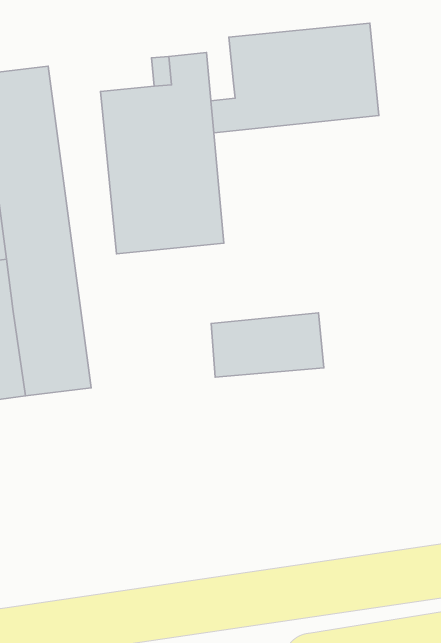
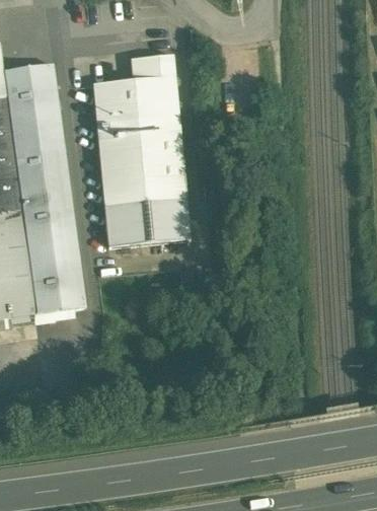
building: [211,23,379,133] -> none
building: [211,313,324,377] -> [104,198,190,246]

